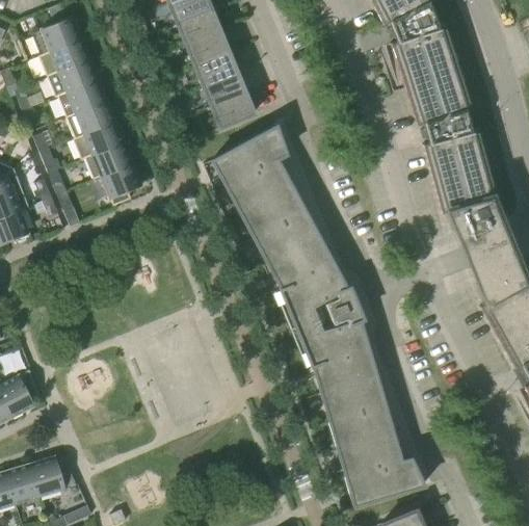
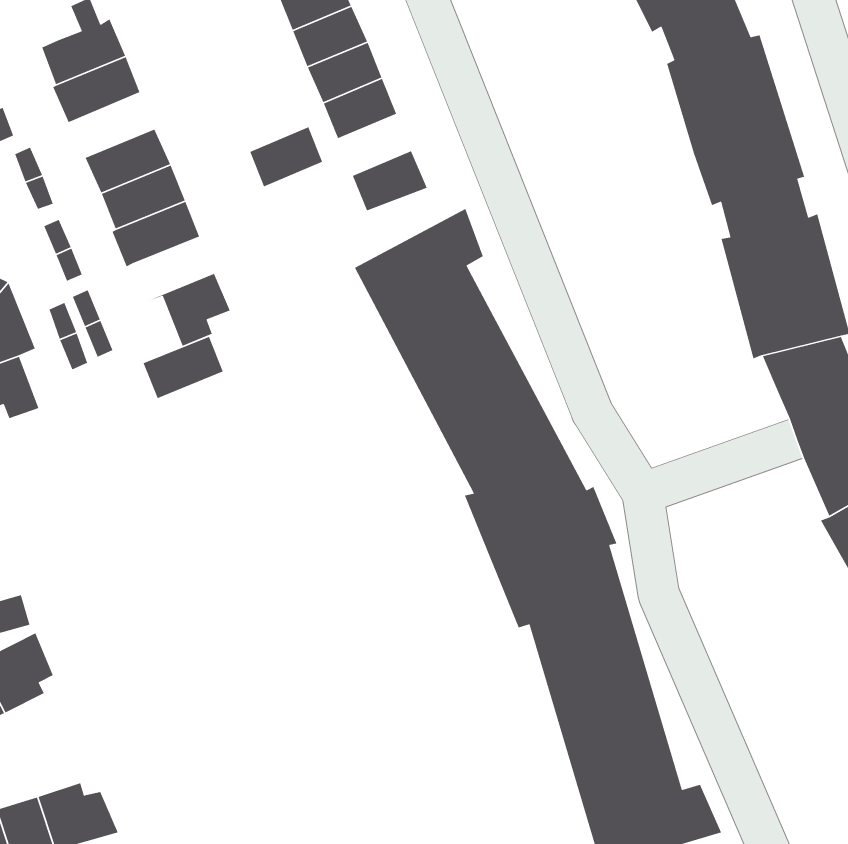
building: [49,58,99,96] -> none
building: [204,71,246,106] -> [249,126,323,188]
building: [86,141,133,178] -> [143,336,224,399]

